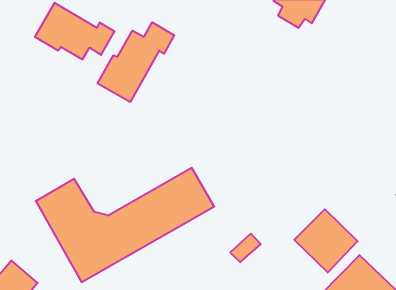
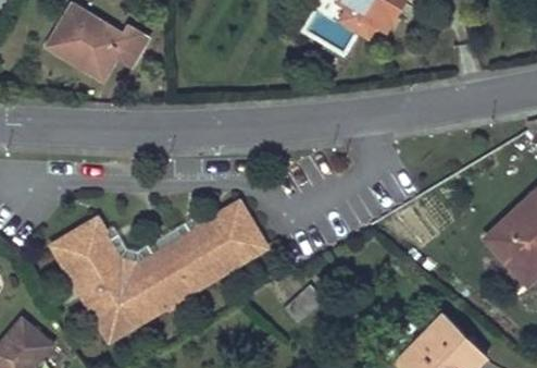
building: [97,22,174,102] -> none
building: [294,209,358,273] -> none

